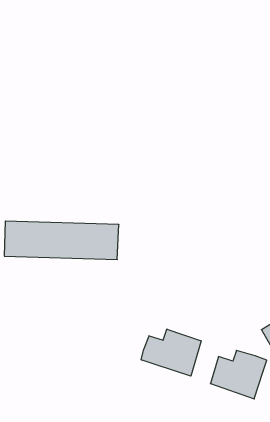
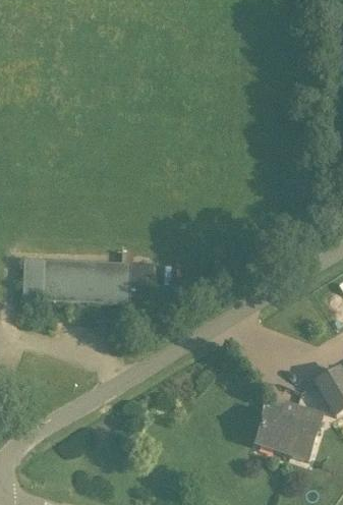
building: [141,329,201,376] -> none

